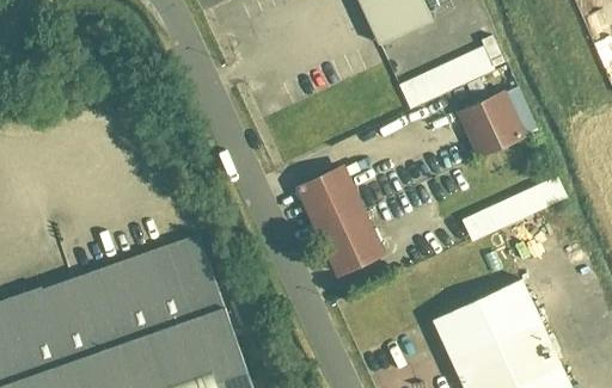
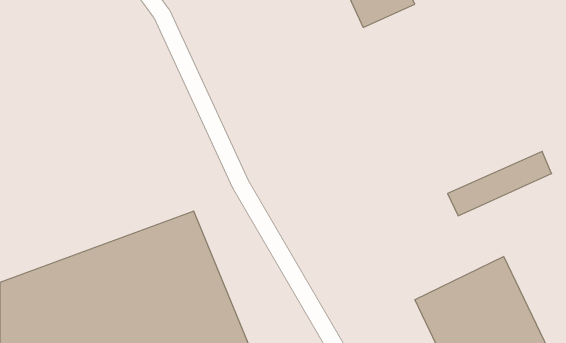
building: [399,37,510,107] -> none
building: [451,94,522,164] -> none
building: [296,171,388,281] -> none

